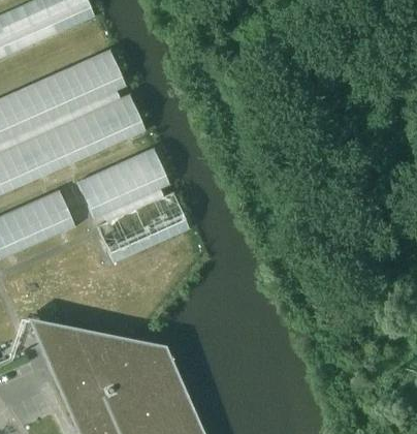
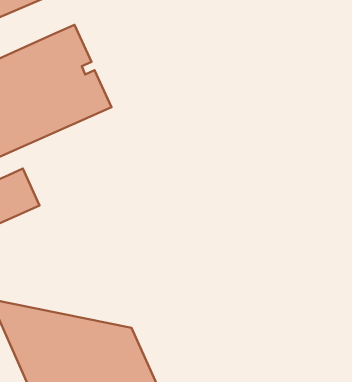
building: [76,149,188,262] -> none

